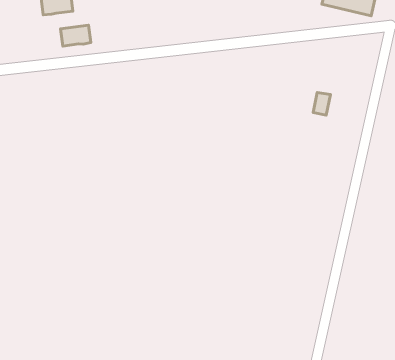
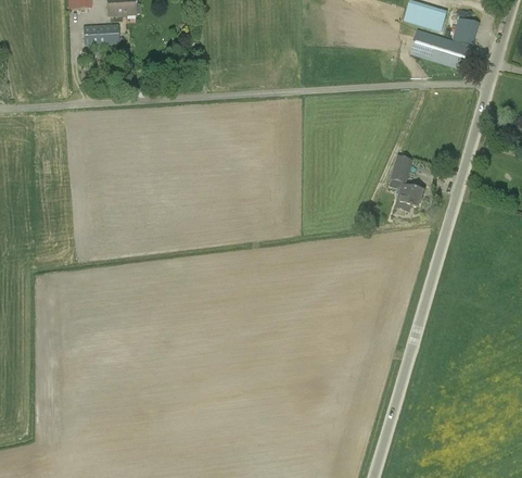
building: [61,25,91,46] -> none
building: none -> [395,184,423,210]

